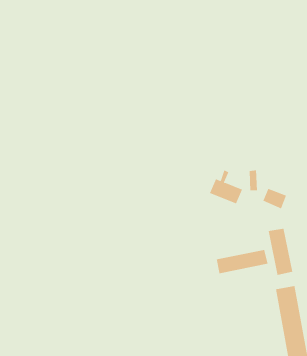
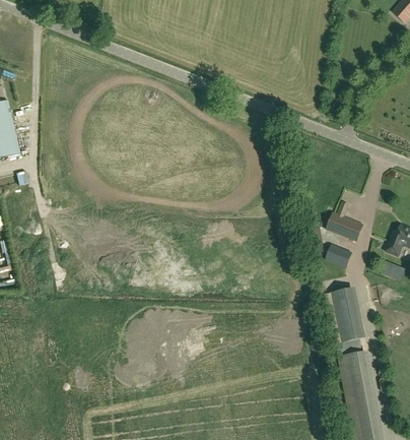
building: [209,170,243,204] -> [325,201,362,240]
building: [216,249,268,274] -> none

